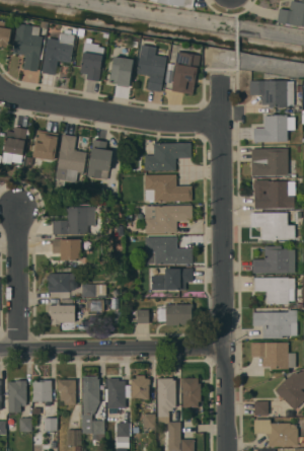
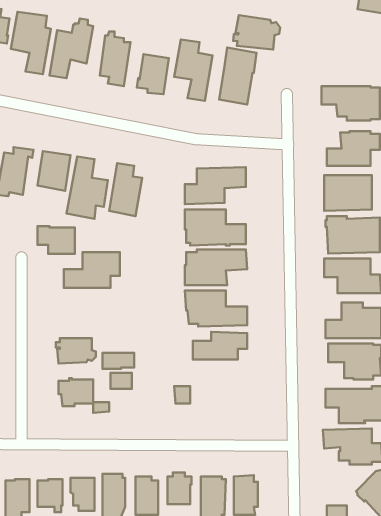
building: none -> [233,15,280,50]
building: [53,239,81,260] -> [38,226,75,254]
building: [157,305,193,326] -> none

